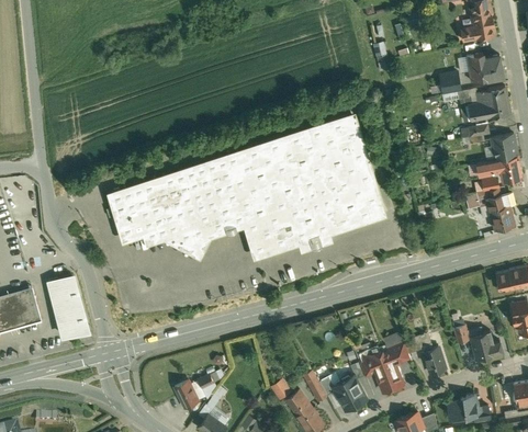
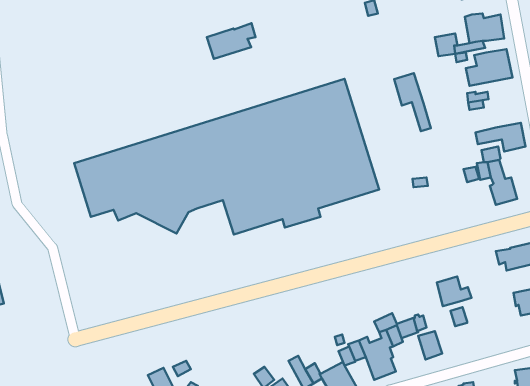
building: none -> [207,23,255,59]
building: none -> [394,73,431,131]
building: [491,135,518,160] -> none
building: [46,273,91,339] -> none
building: [471,332,503,360] -> [437,276,472,306]

